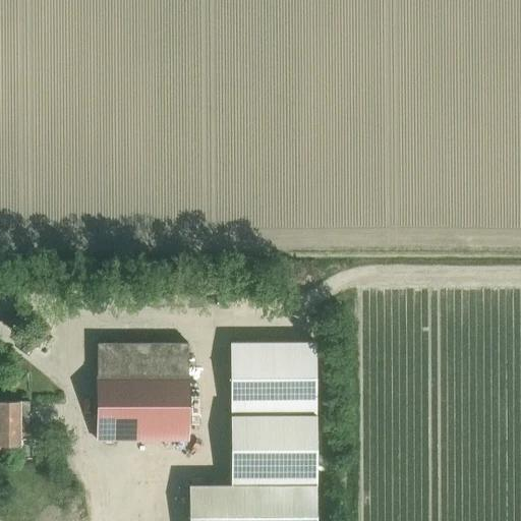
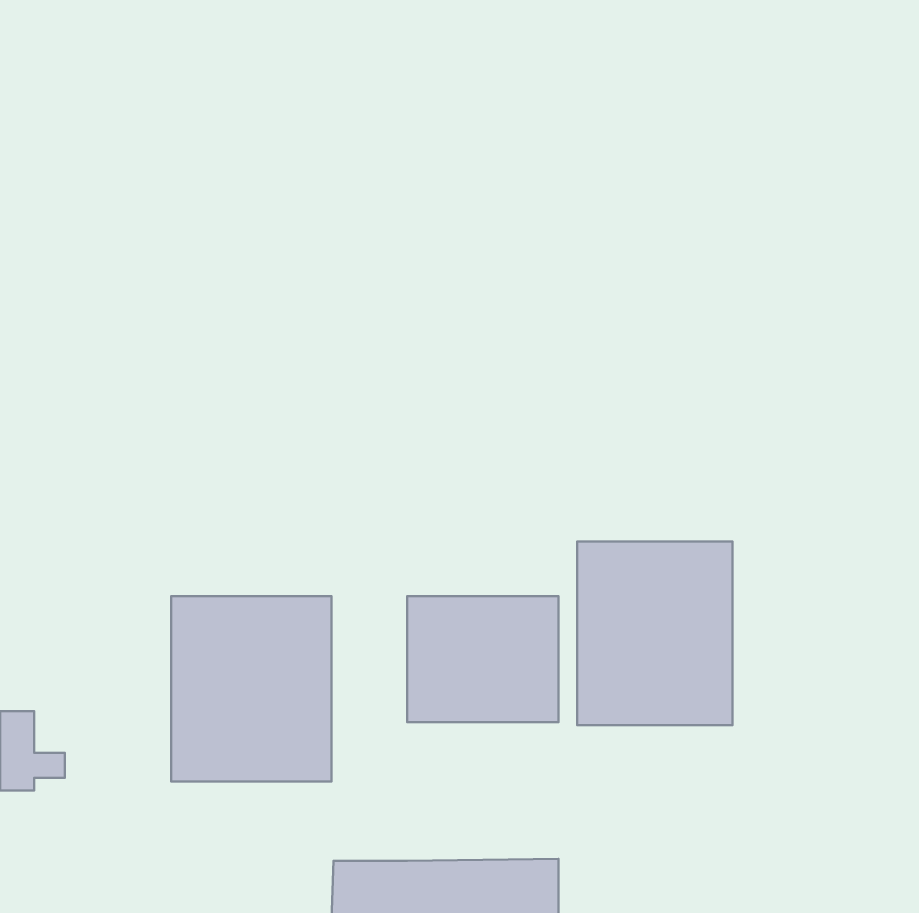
building: none -> [577,541,732,725]
building: [231,412,316,490] -> none

